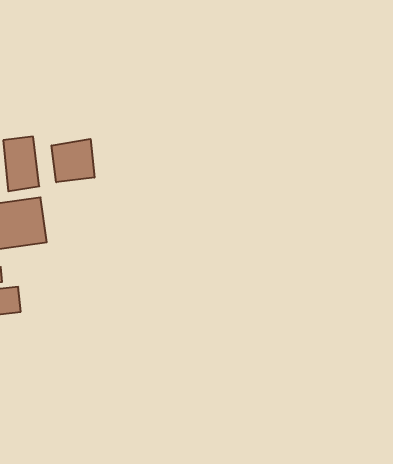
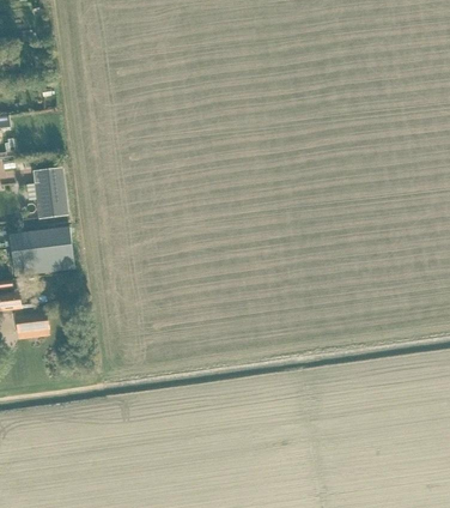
building: [52,139,94,182] -> none

